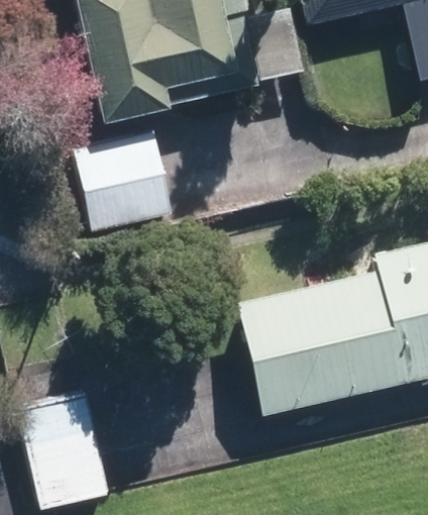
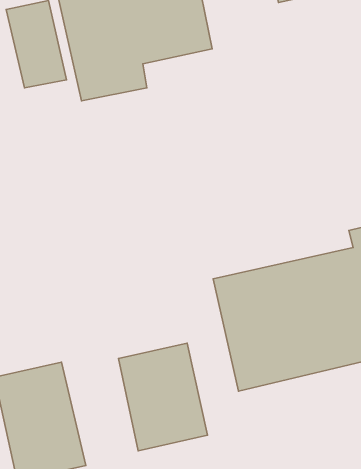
building: [74,131,171,230] -> none
building: none -> [118,343,208,451]

